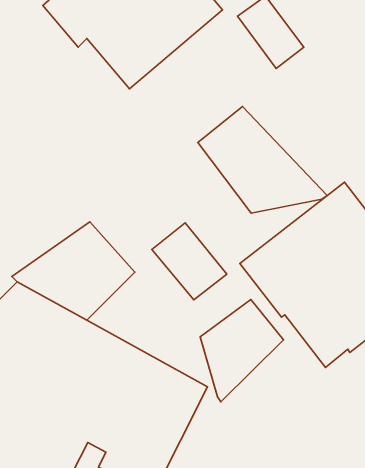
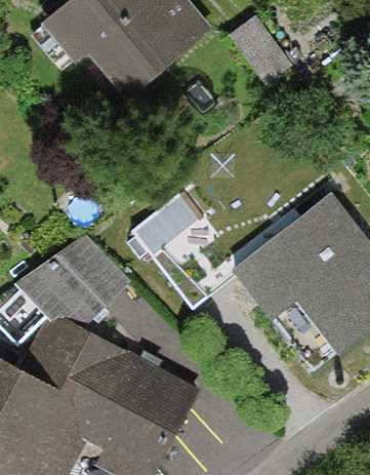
building: [198,106,327,213] -> none
building: [200,300,283,402] -> none

